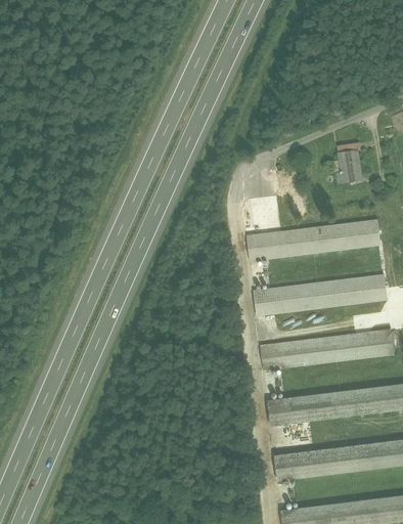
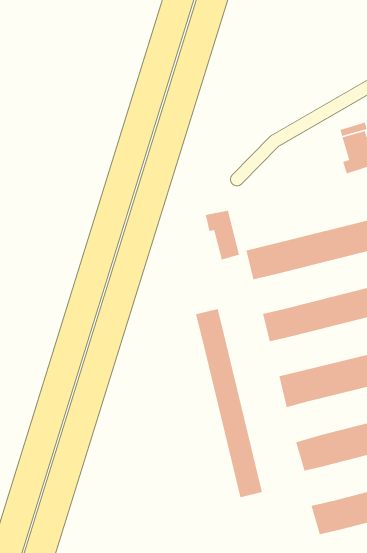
building: none -> [205,210,240,260]
building: none -> [195,308,263,498]

